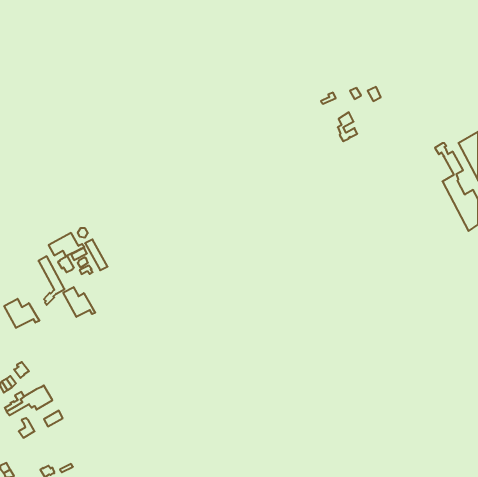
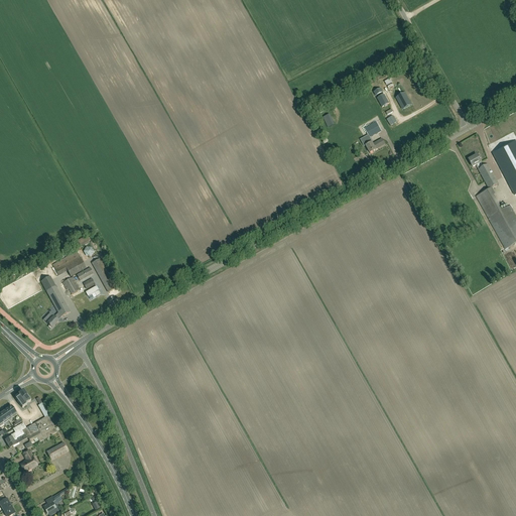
building: [63,287,95,317] -> none
building: [4,299,39,328] -> none

